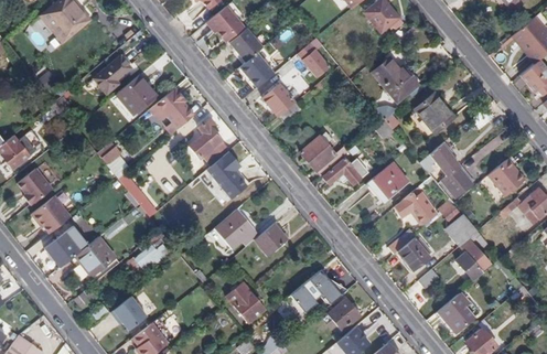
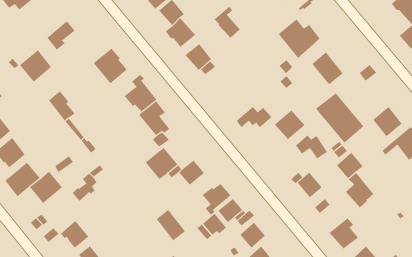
building: [116,73,155,112] -> [19,50,52,82]
building: [300,136,348,175] -> none
building: none -> [202,183,231,215]

